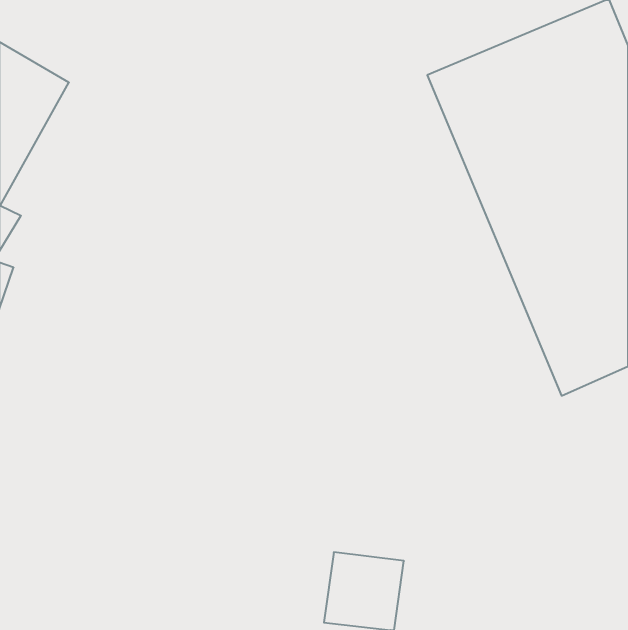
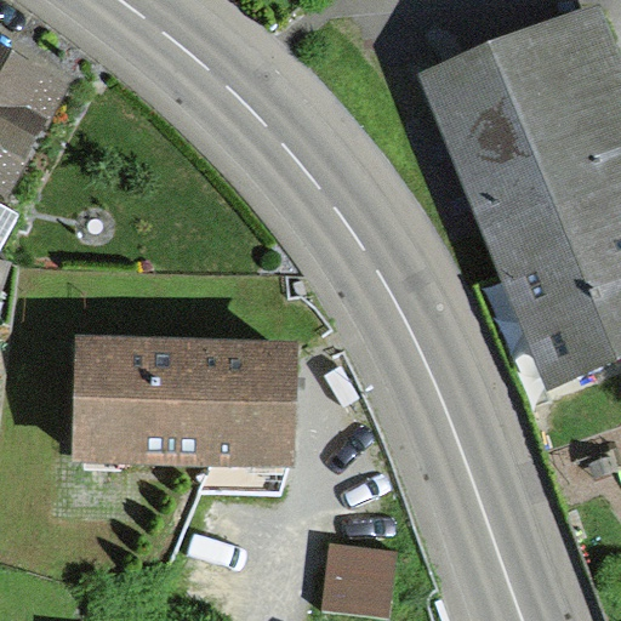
building: none -> [73,335,294,469]

